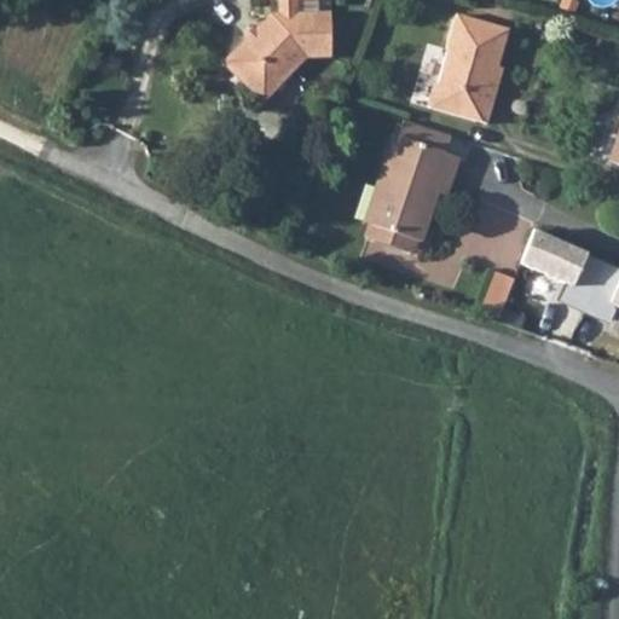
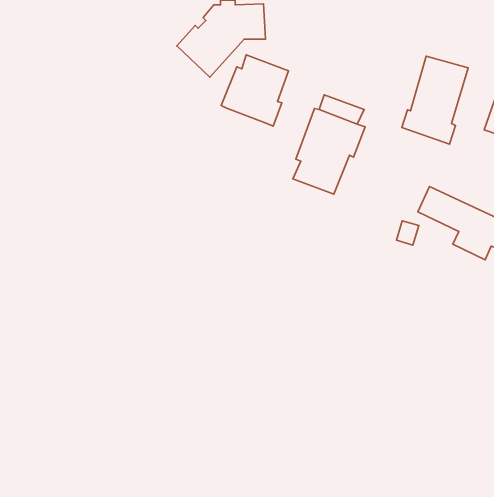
building: [427,17,509,126] -> [402,56,468,144]
building: none -> [221,55,289,126]

